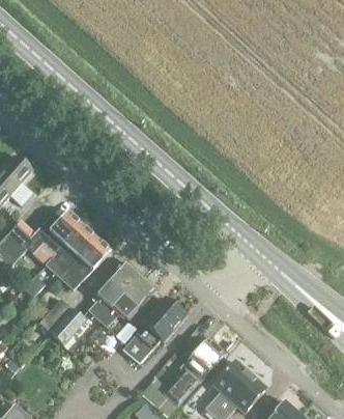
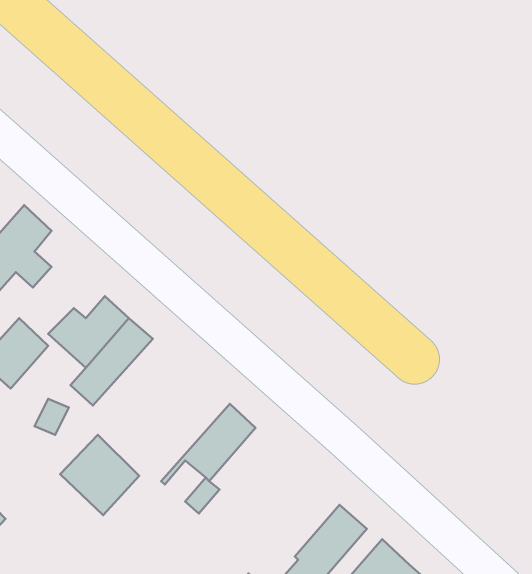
building: [59,238,110,290] -> none
building: [88,262,142,324] -> none
building: [122,298,187,362] -> none

